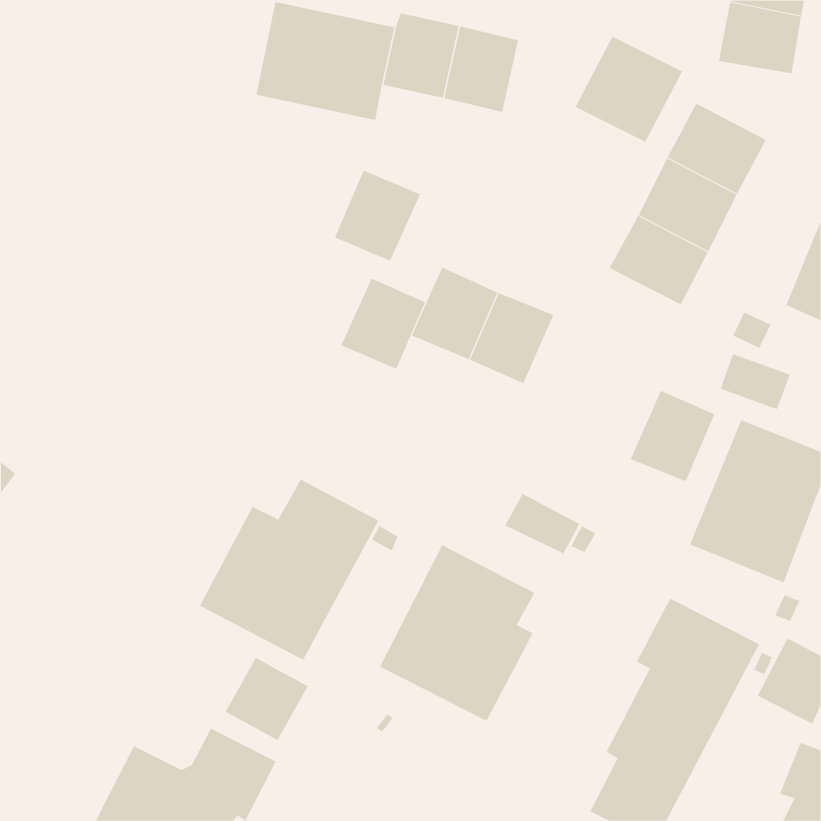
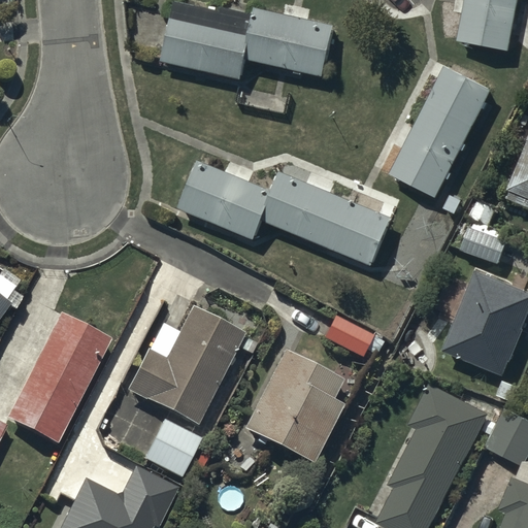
building: [575,36,683,142] -> none
building: [334,170,421,261] -> [183,163,238,222]
building: [630,390,715,482] -> [336,202,391,261]
building: none -> [6,314,110,443]

